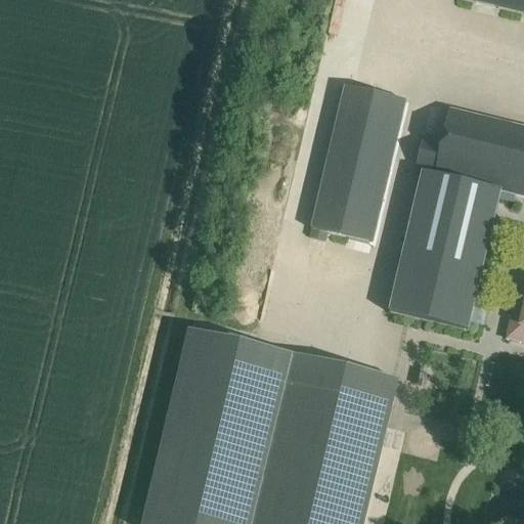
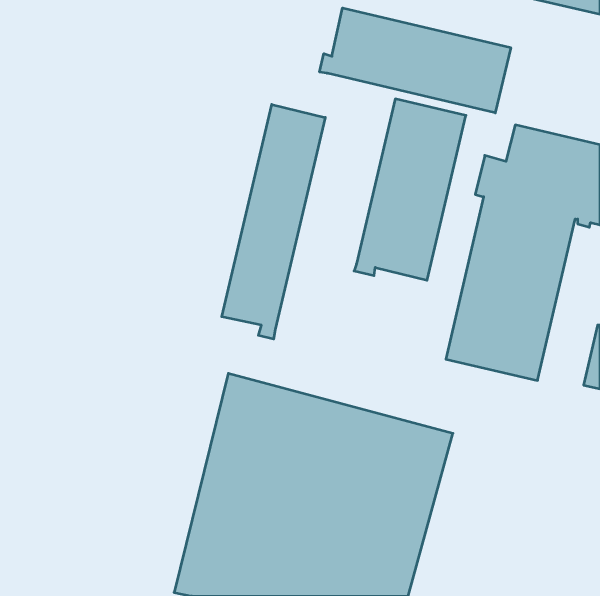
building: none -> [320,8,511,113]
building: none -> [222,104,325,339]

